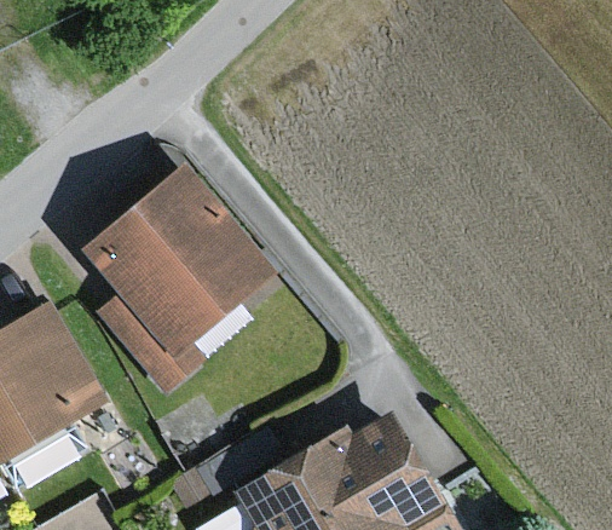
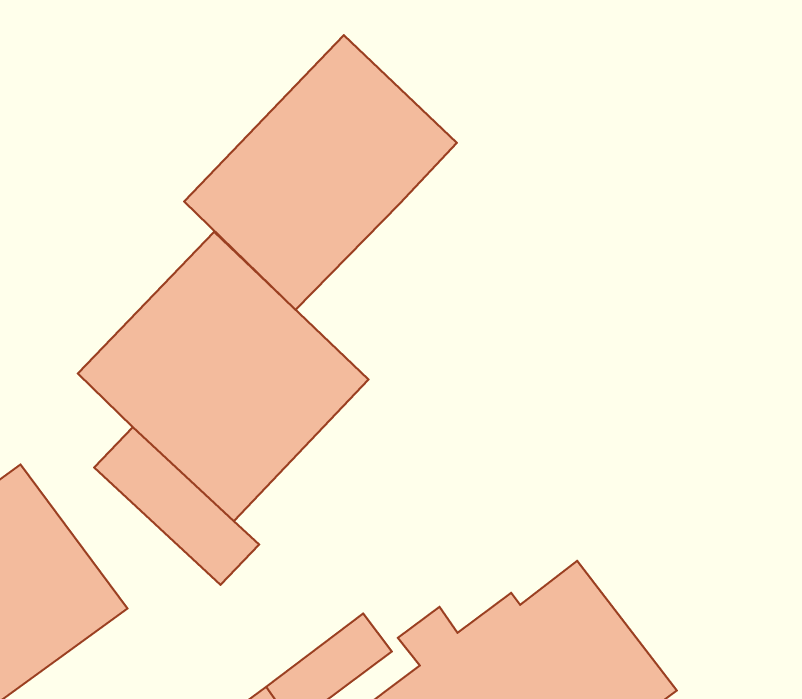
building: none -> [184,35,457,310]

